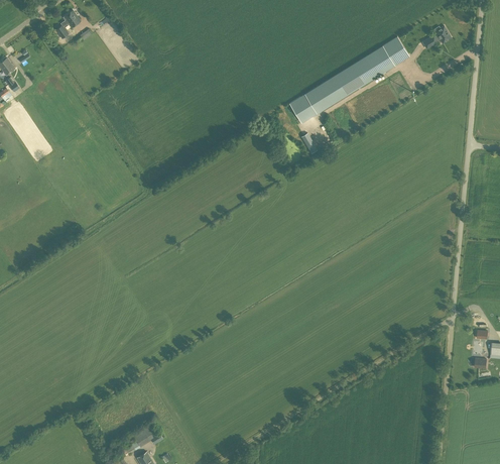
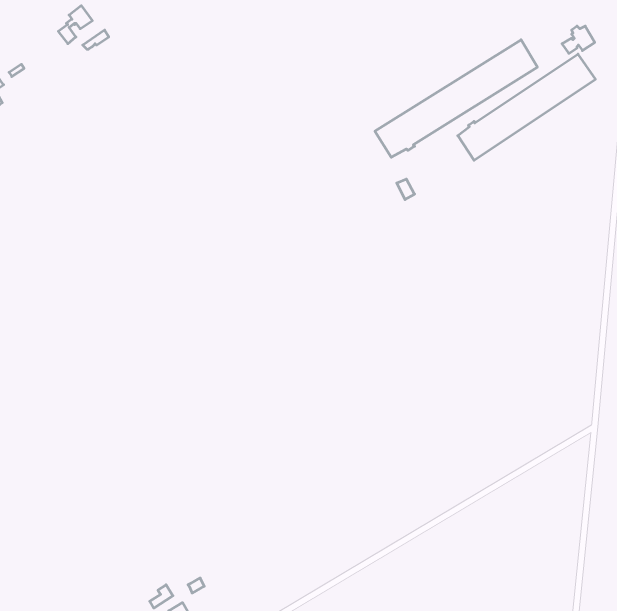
building: none -> [458,54,595,160]

